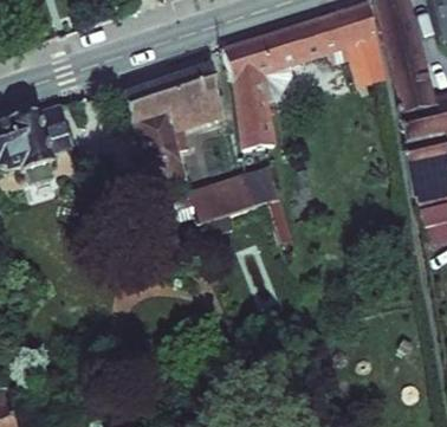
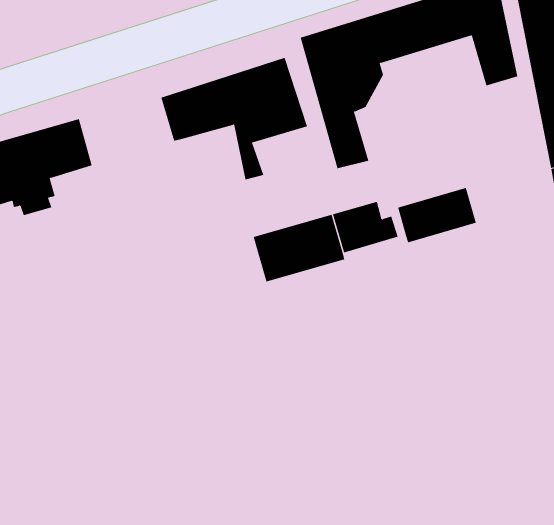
building: [138,110,192,183] -> none
building: none -> [397,187,476,243]

